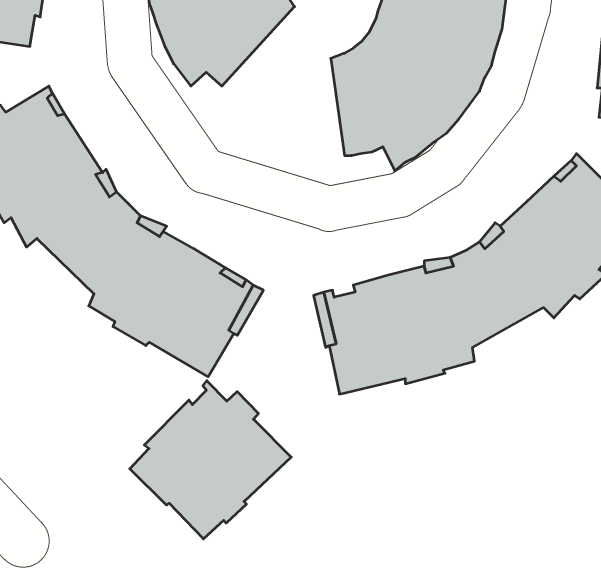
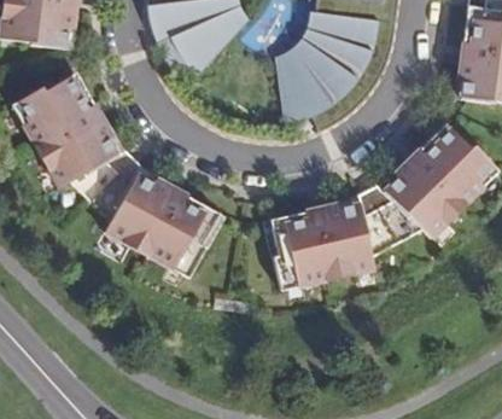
building: [130,381,291,539] -> none

